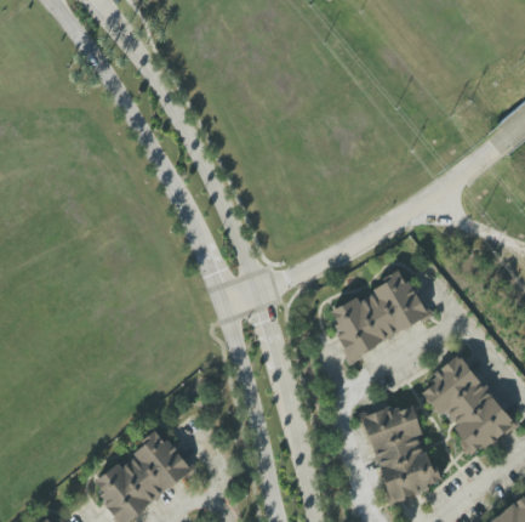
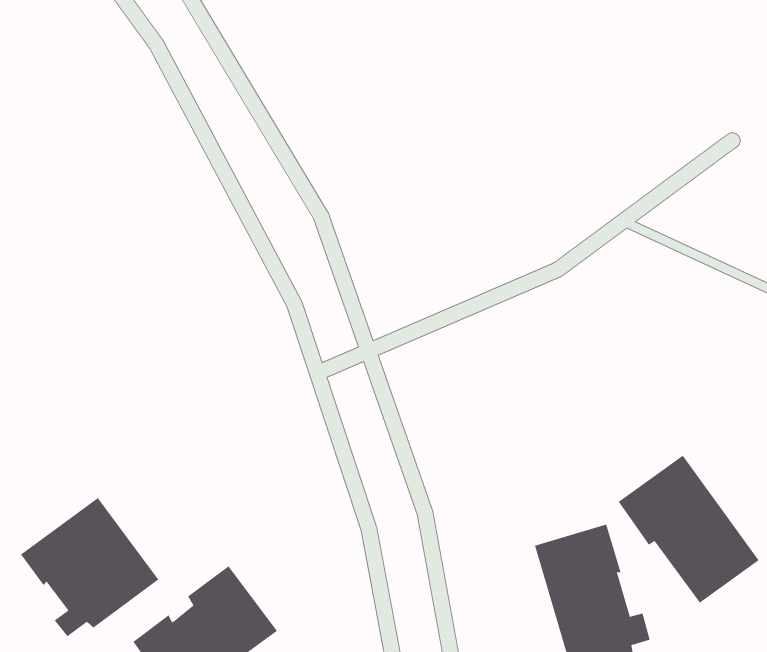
building: [331,269,428,359] -> none
building: none -> [20,497,159,637]

